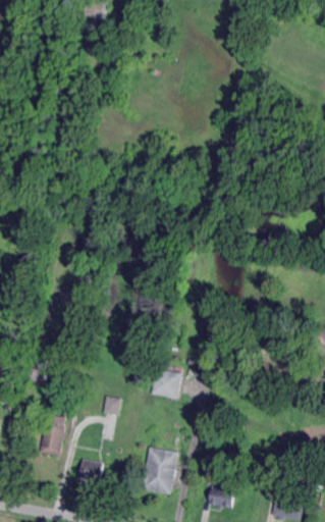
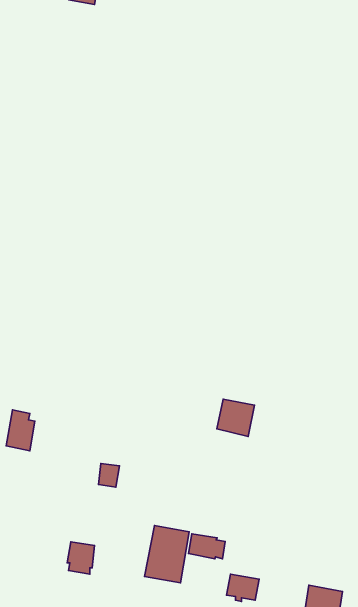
building: [152,369,182,400] -> [217,399,254,436]
building: [40,414,66,457] -> none
building: none -> [188,534,225,559]

